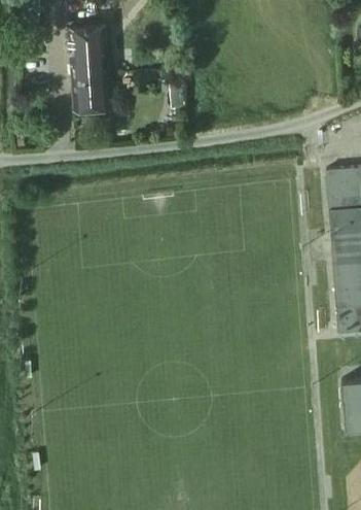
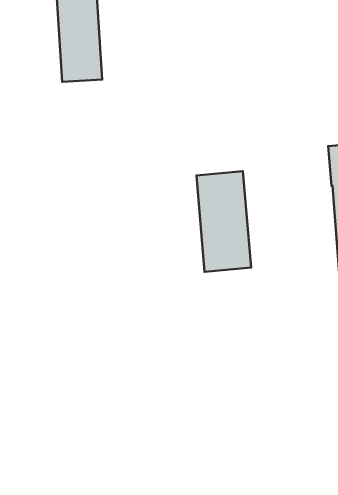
building: none -> [196,171,251,272]

